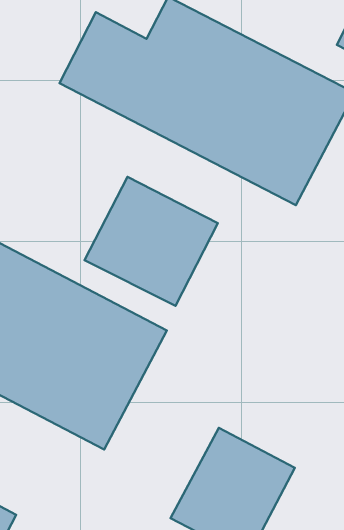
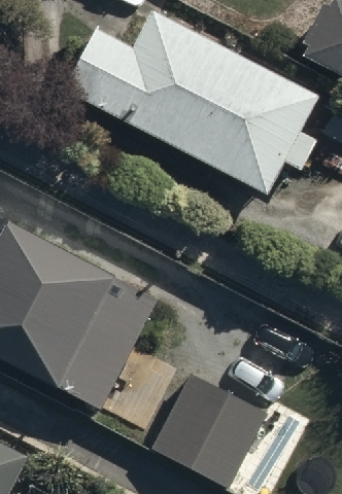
building: [84,177,218,306] -> none

